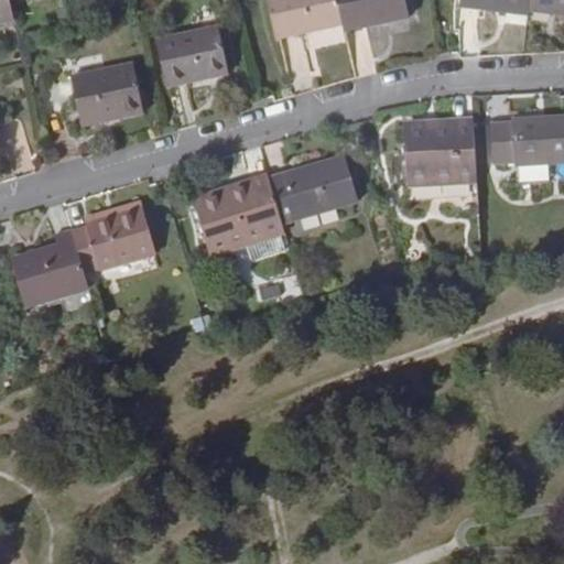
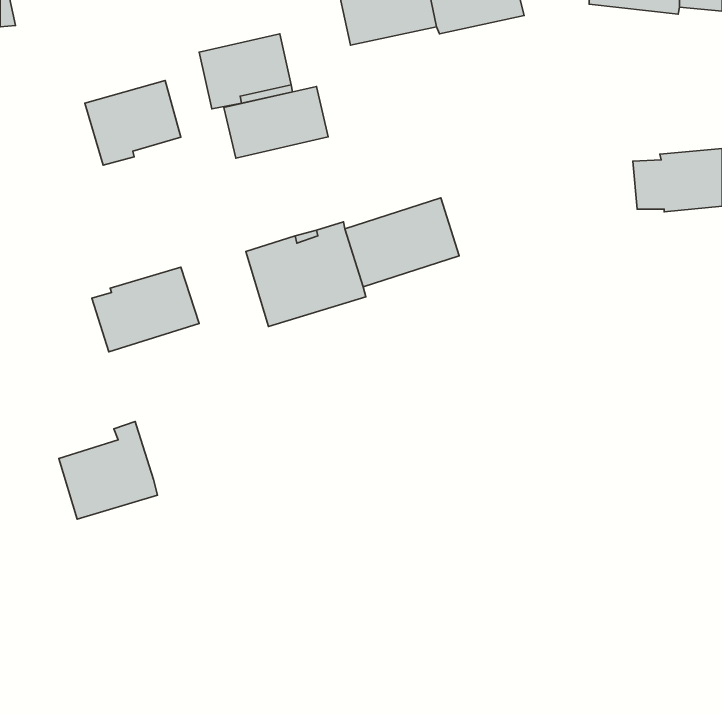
building: none -> [224,86,328,158]
building: [405,118,477,180] -> none
building: [11,229,88,305] -> [59,422,158,519]

